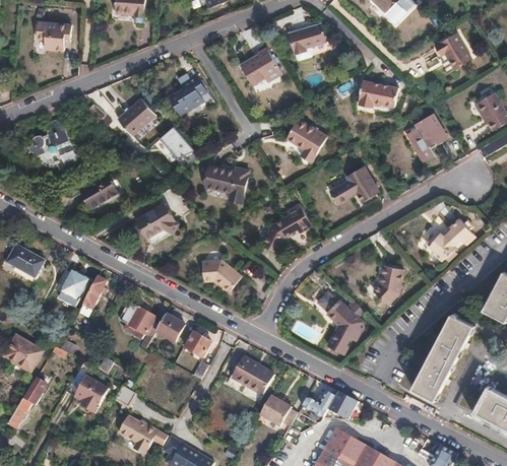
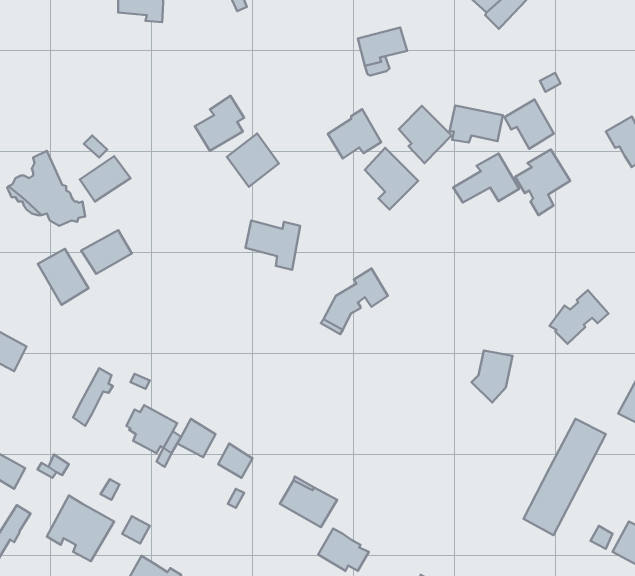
building: [36,22,71,53] -> none
building: [435,32,471,69] -> [504,99,554,149]
building: [242,52,281,88] -> [328,109,381,159]
building: none -> [399,106,451,163]
building: [118,102,155,135] -> [80,156,131,201]
building: [153,126,192,165] -> [227,133,279,187]
building: [329,165,378,202] -> [453,153,519,203]
building: none -> [38,249,88,305]
building: [136,204,179,238] -> none
building: [200,257,240,289] -> none
building: [61,270,88,298] -> none
building: [327,297,366,351] -> none
building: [303,391,356,419] -> none

